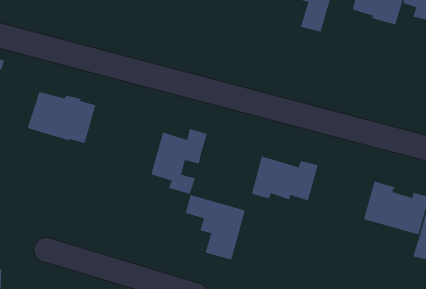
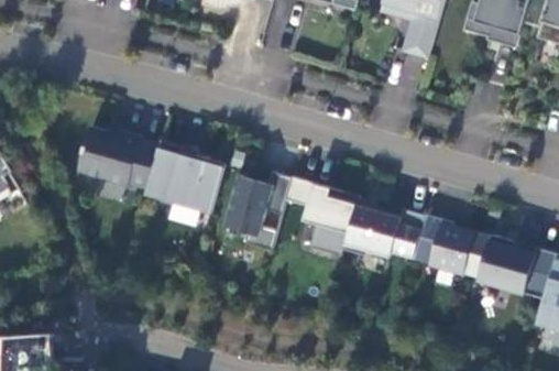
building: none -> [144,140,224,212]
building: none -> [412,216,489,277]
building: [185,195,246,260] -> [285,178,358,257]

